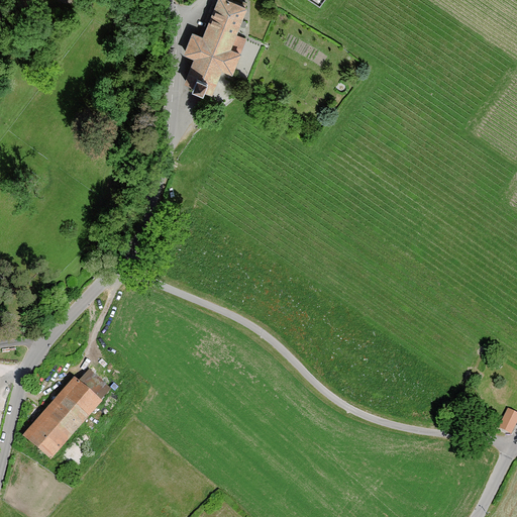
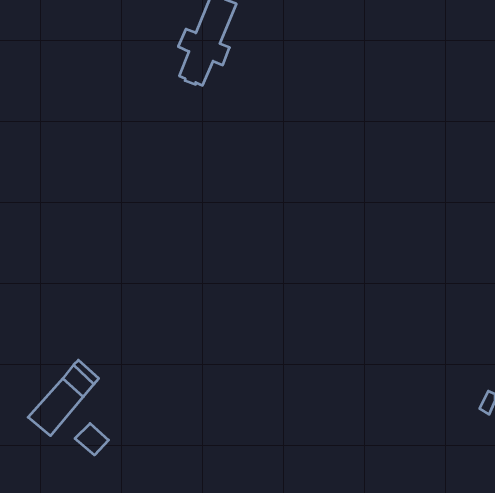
building: none -> [75,423,109,455]

